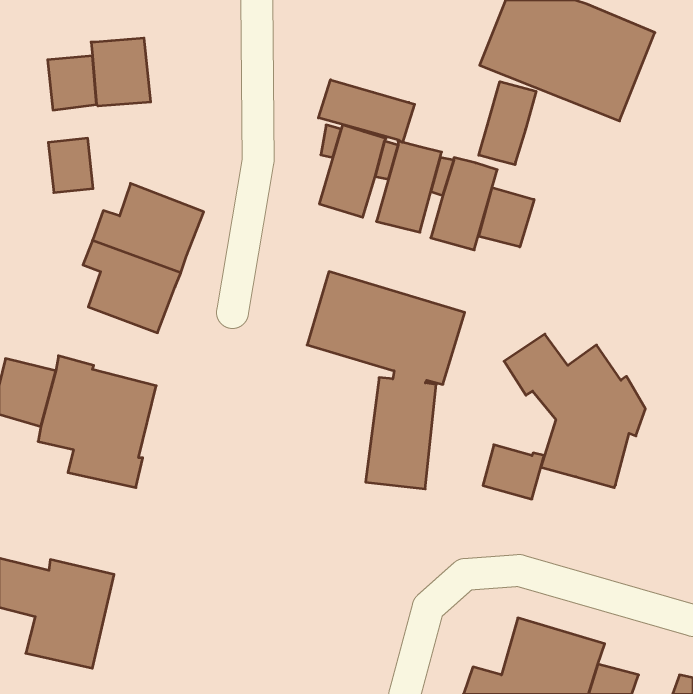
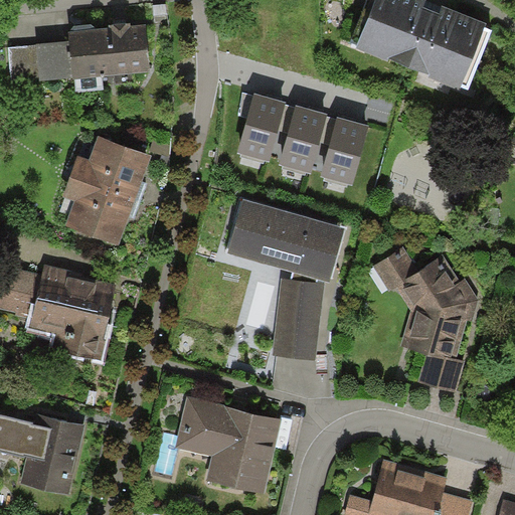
building: none -> [106,22,150,75]
building: [318,80,415,142] -> none
building: [479,82,536,165] -> none
building: [48,138,93,193] -> [6,44,39,84]
building: [479,187,534,247] -> none
building: [483,445,544,499] -> [418,353,464,393]
building: none -> [175,398,280,495]

